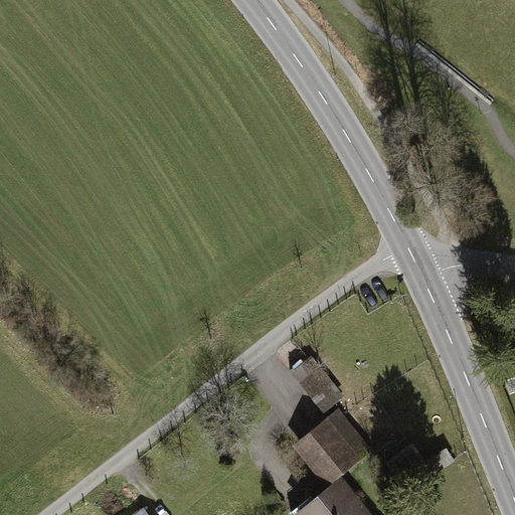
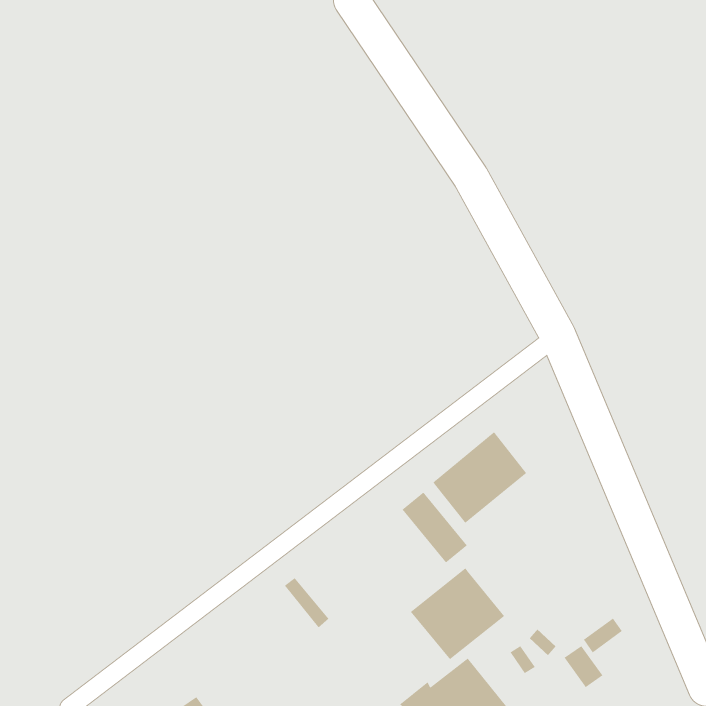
building: none -> [432,431,527,524]

